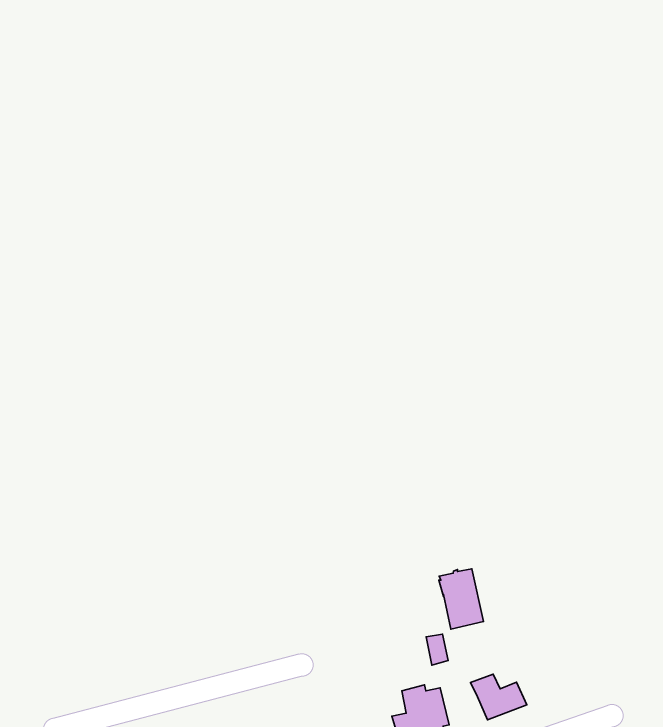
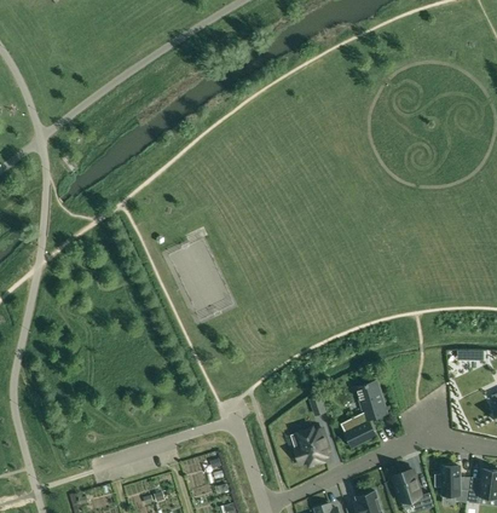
building: [439,569,483,629] -> [357,381,386,419]

